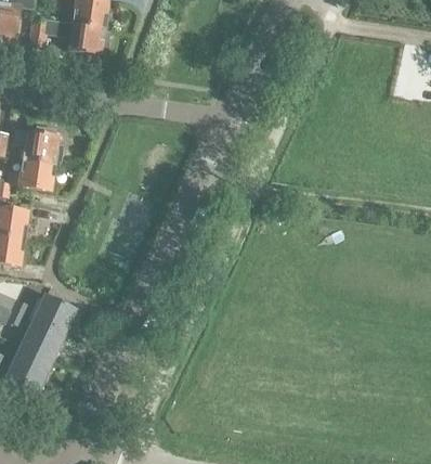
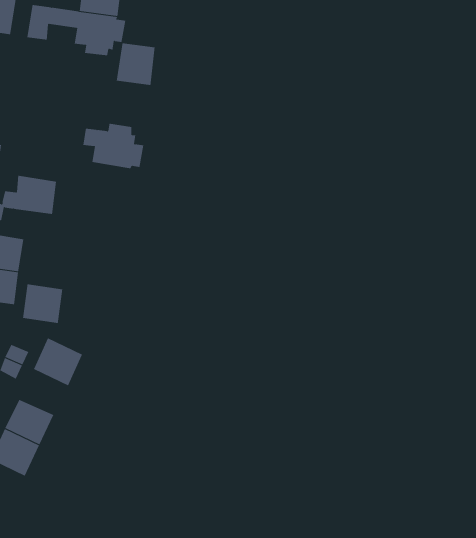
building: none -> [116,43,155,86]
building: [13,125,64,163] -> [82,123,144,169]
building: none -> [22,284,63,324]
building: [22,318,63,356] -> none

